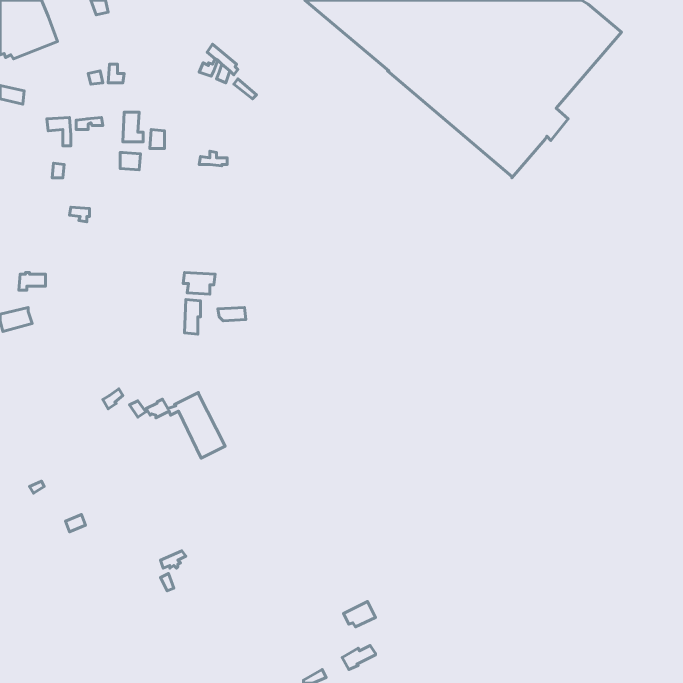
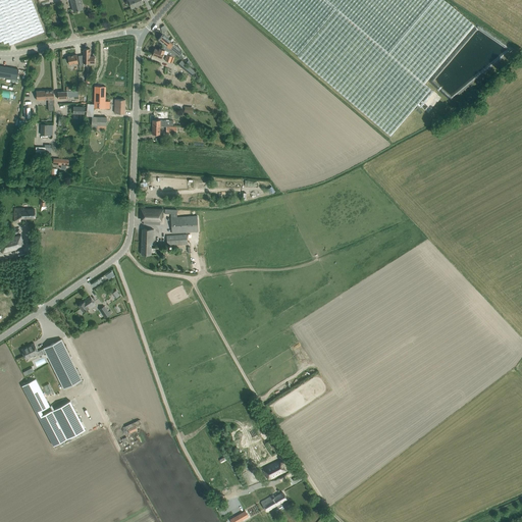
building: none -> [164,209,199,233]
building: [146,393,225,458] -> [21,338,82,388]
building: none -> [22,378,85,446]

